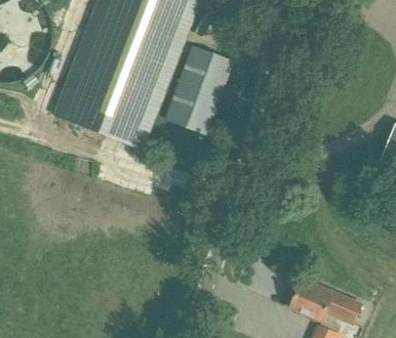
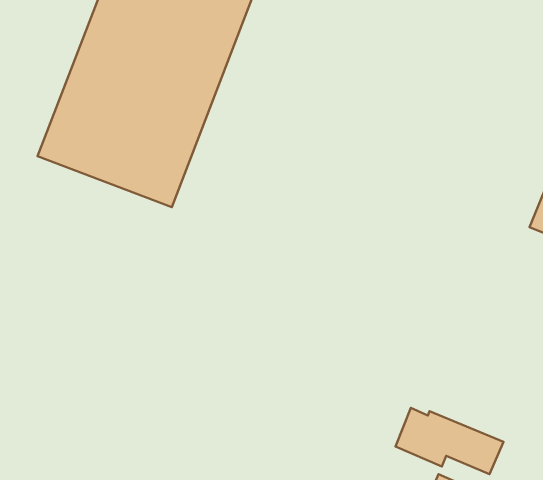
building: [163,46,232,137] -> none

